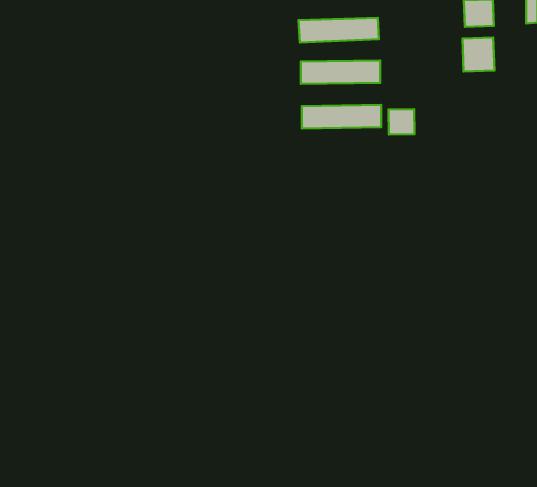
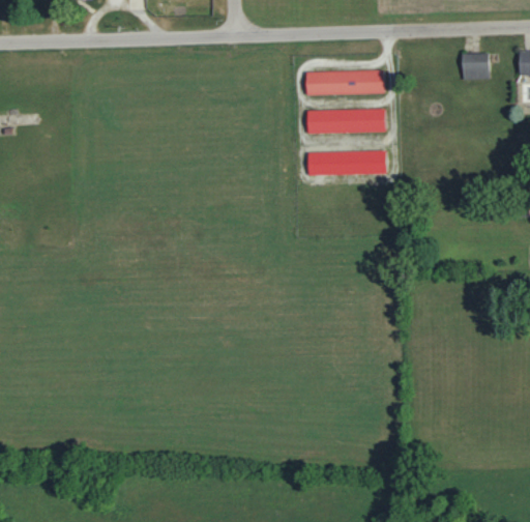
building: [462,37,494,72] -> none
building: [388,109,415,134] -> none

